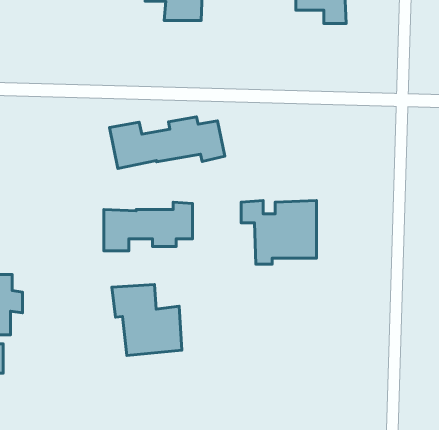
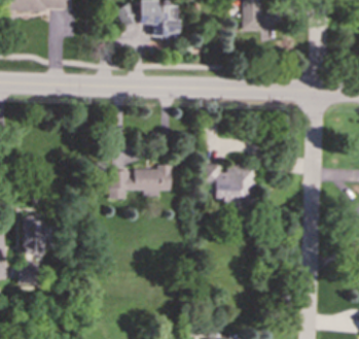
building: [109,117,225,169] -> none
building: [112,284,182,355] -> none

